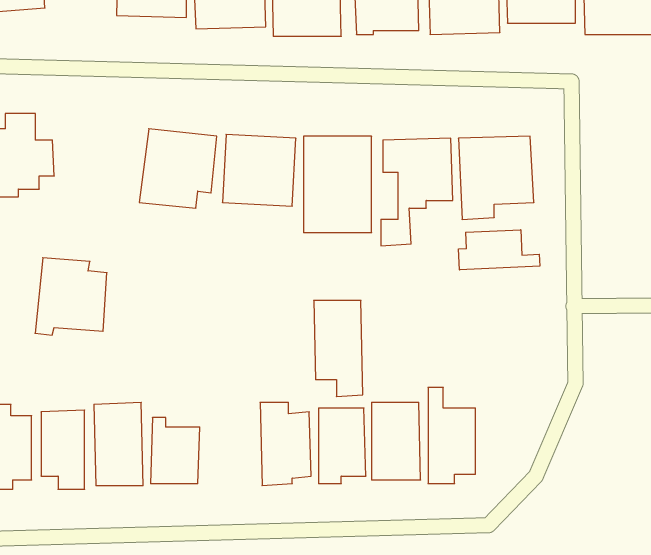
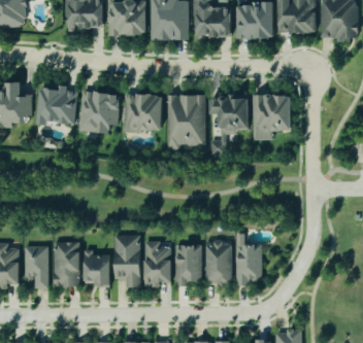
building: [459,230,540,270] -> none
building: [35,258,107,335] -> [37,83,76,126]
building: [314,300,363,397] -> [113,234,140,286]

